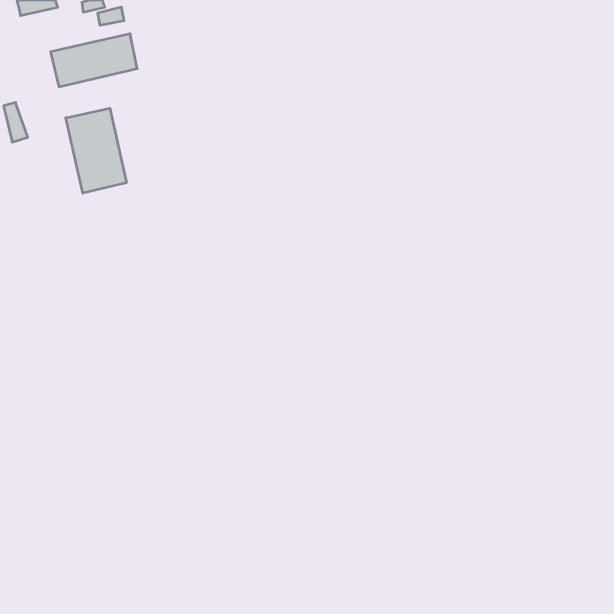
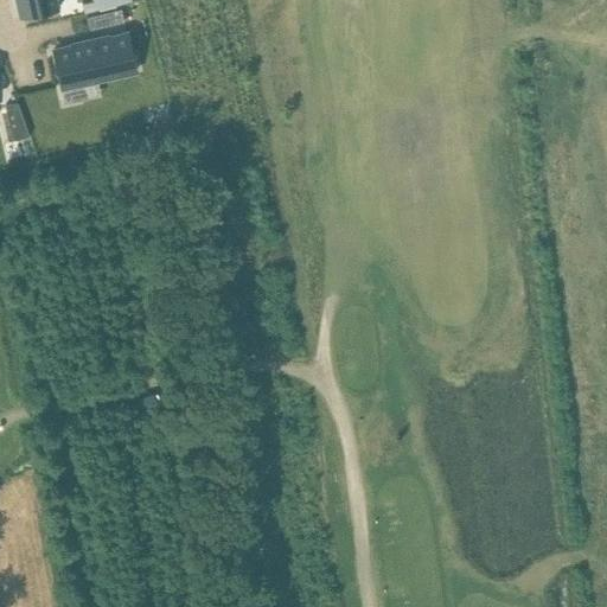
building: [66,108,126,193] -> none

